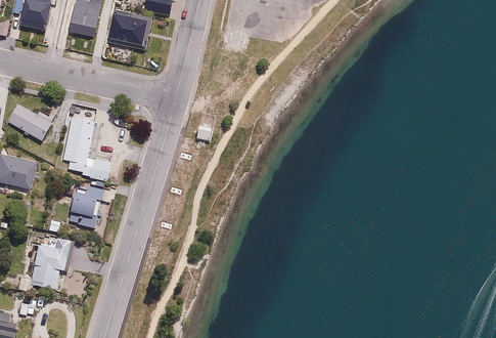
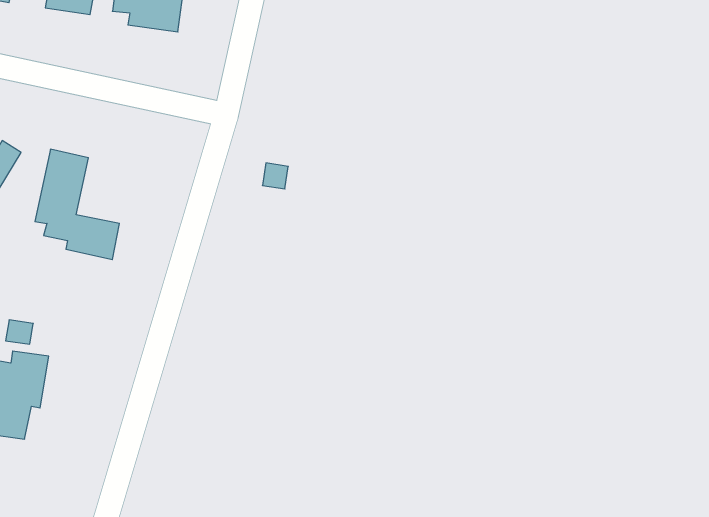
building: [66,182,104,228] -> none

